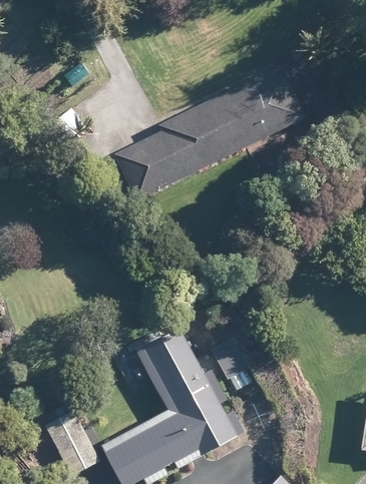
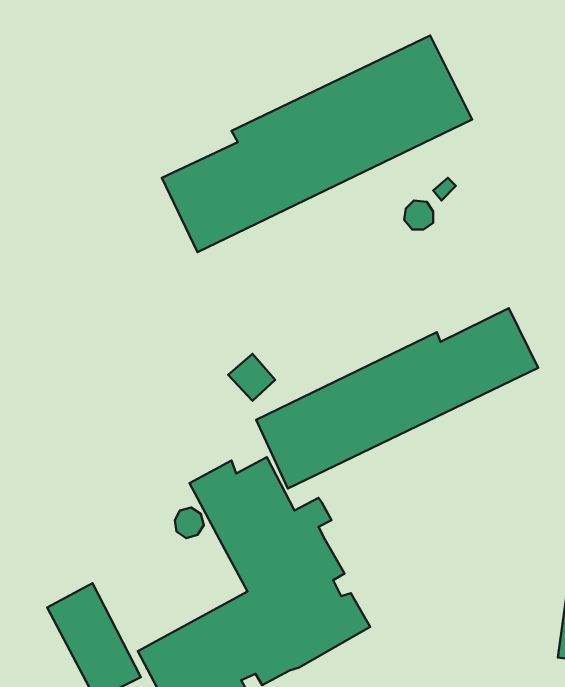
building: none -> [256,308,538,489]

